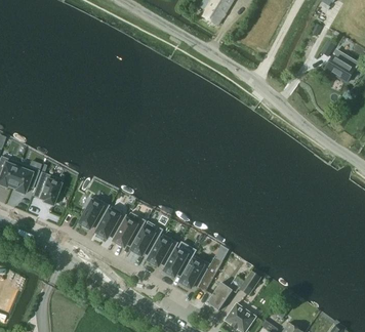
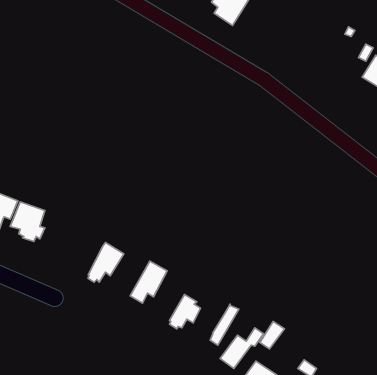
building: [80,197,110,230] -> none
building: [115,212,147,247] -> none
building: [149,234,178,266] -> none
building: [180,255,211,288] -> none

